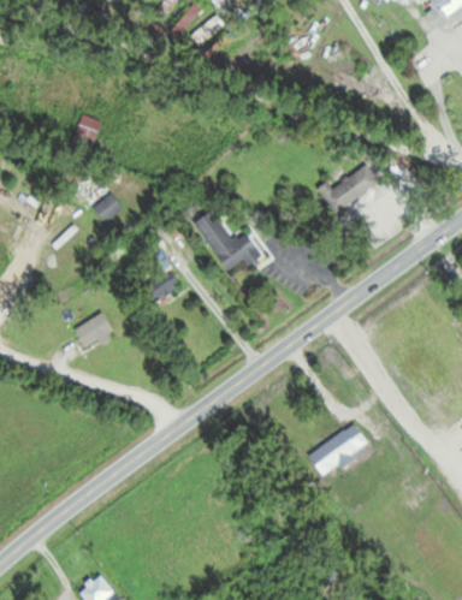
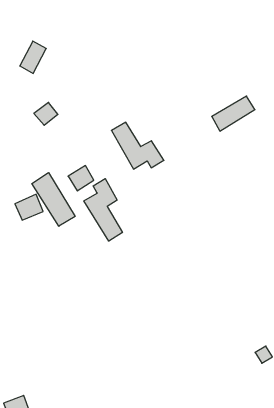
building: none -> [32,173,75,226]
building: none -> [84,179,122,241]
building: [308,422,366,476] -> none

